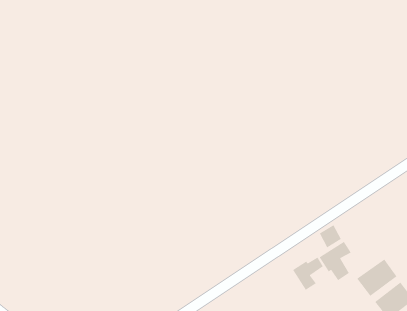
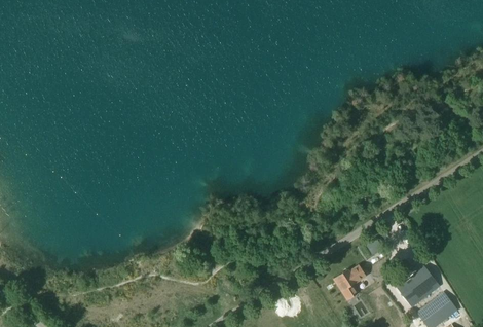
building: [319,241,352,281] -> none

